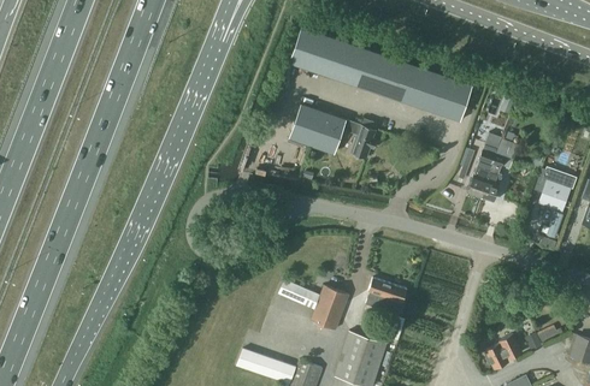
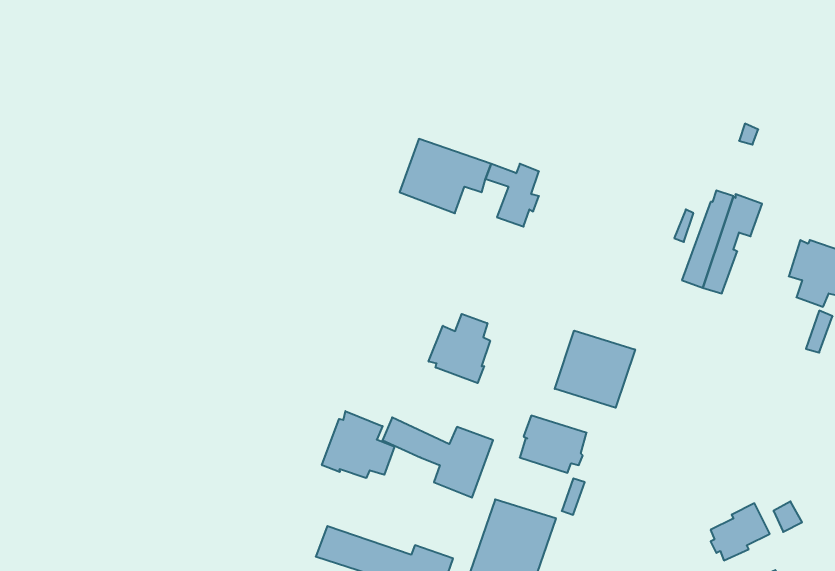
building: [289,26,473,121] -> none
building: none -> [429,314,490,383]
building: none -> [555,331,635,408]
building: none -> [322,411,395,478]

